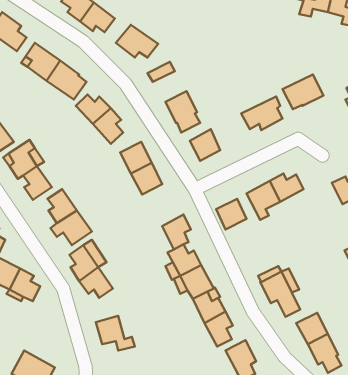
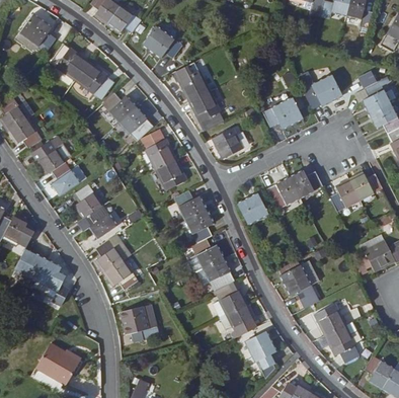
building: none -> [178,72,209,101]
building: none -> [328,179,358,211]
building: none -> [173,190,206,221]

